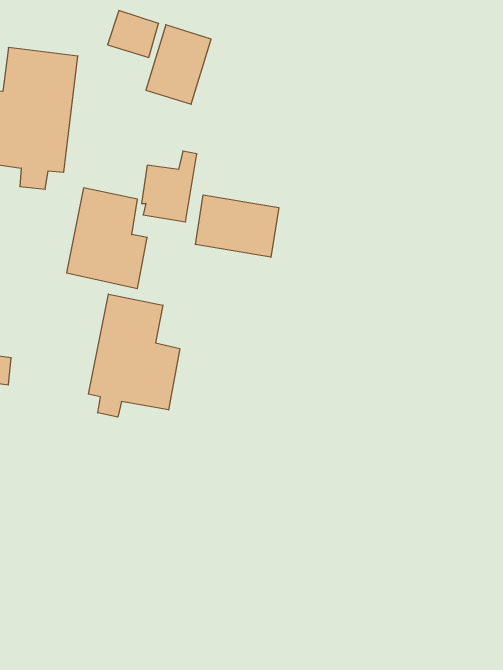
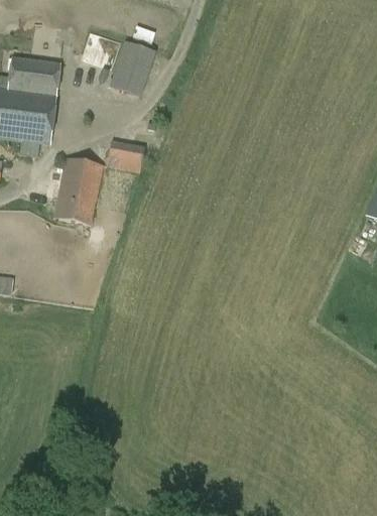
building: [195,195,279,257] -> none
building: [88,294,180,417] -> none

